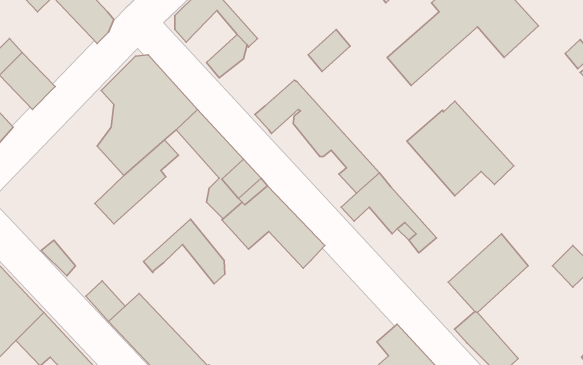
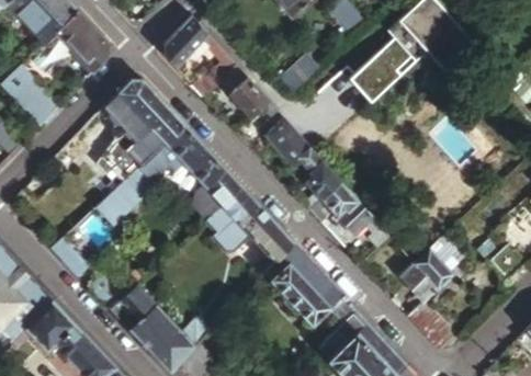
building: none -> [227,65,267,116]
building: [407,101,514,196] -> none
building: [144,219,225,284] -> none
building: none -> [269,243,341,326]

